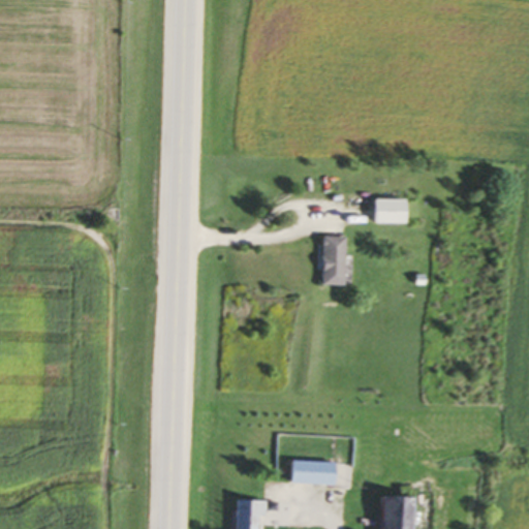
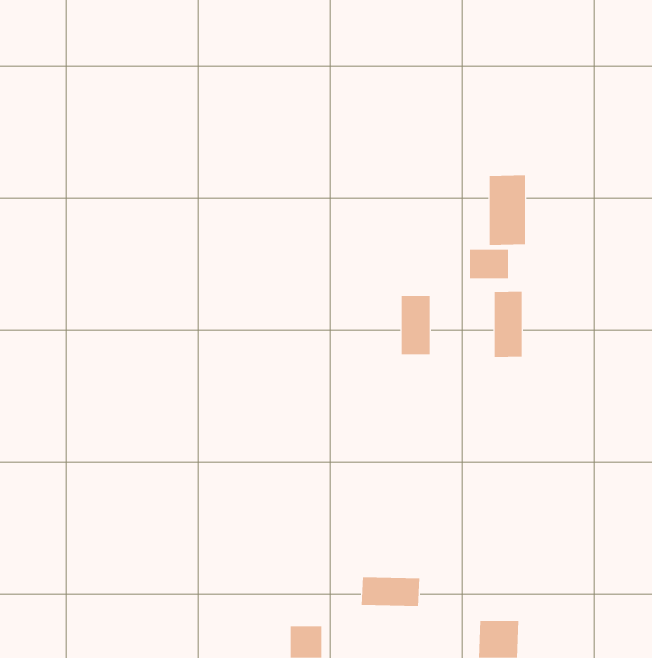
building: none -> [489,175,526,246]
building: none -> [494,291,522,358]

